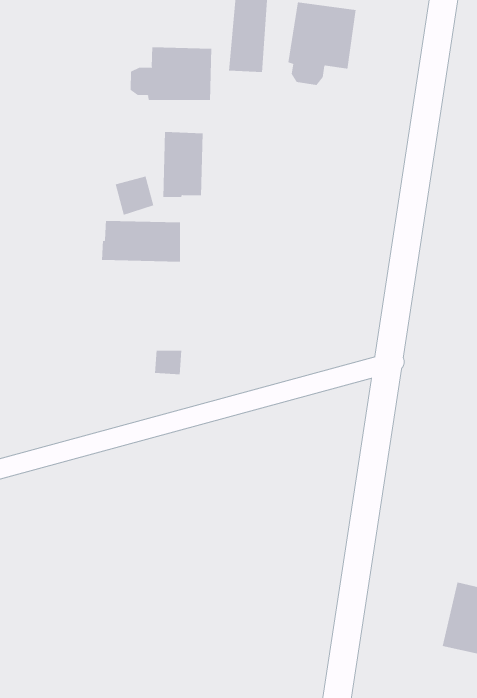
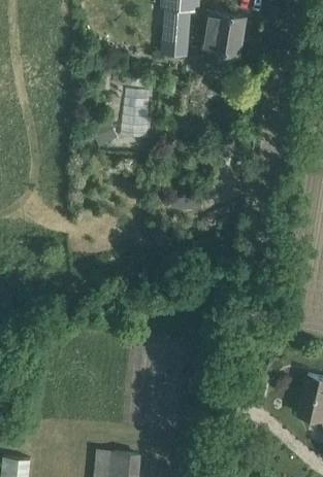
building: [130,47,212,101] -> none
building: [101,220,181,263] -> none

